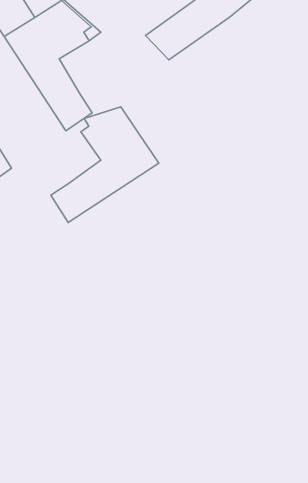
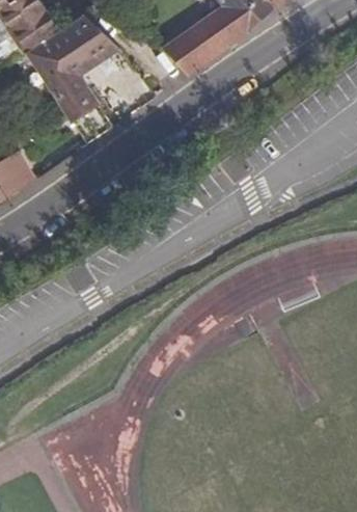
building: [51,107,159,222] -> none

